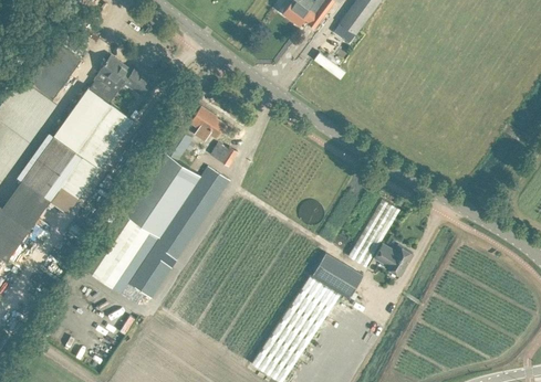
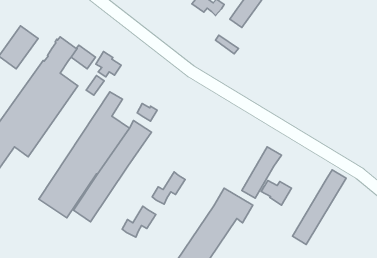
building: [190,107,223,140] -> [96,52,121,77]
building: none -> [292,170,346,245]
building: none -> [152,172,185,204]
building: none -> [122,206,156,237]

